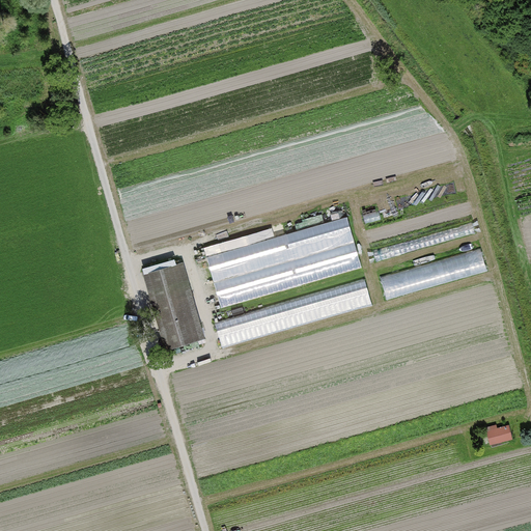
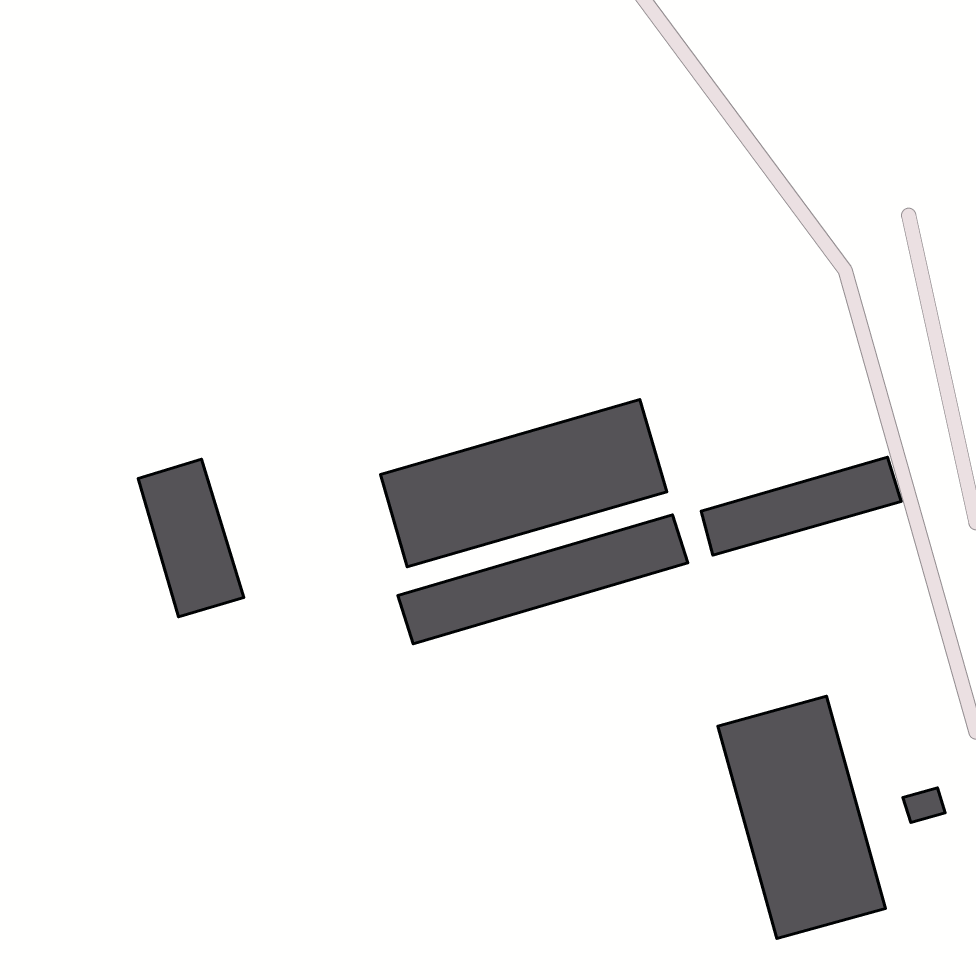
building: [146,262,203,347] -> [138,459,244,617]
building: none -> [718,696,886,938]

